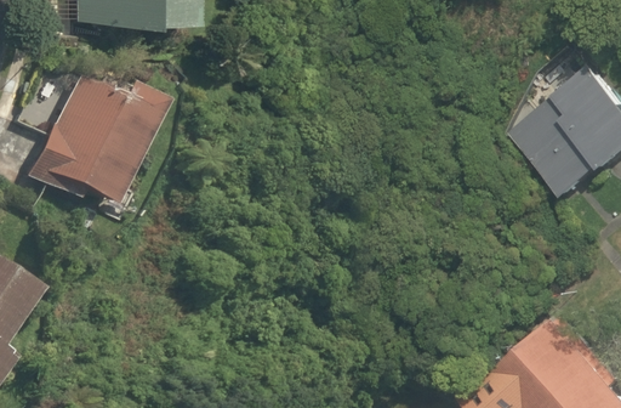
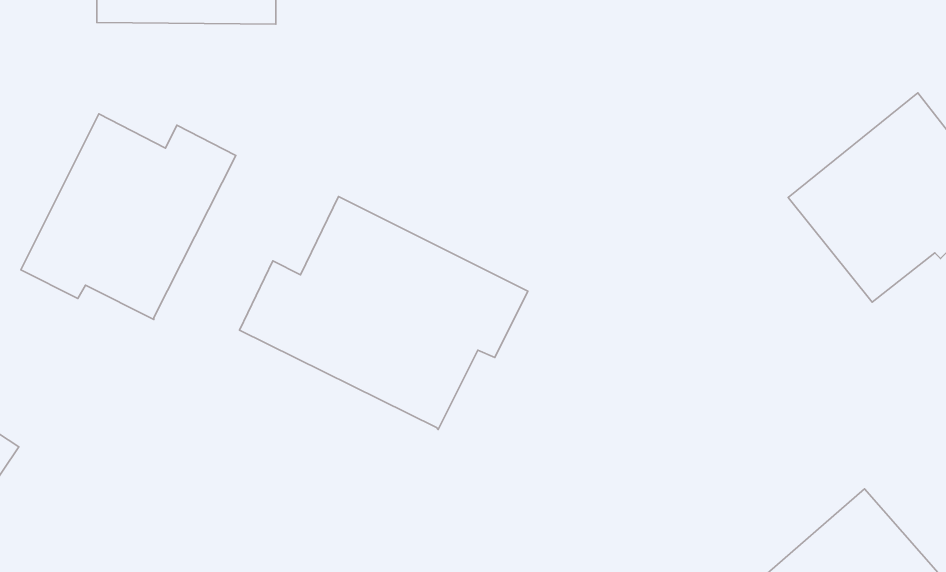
building: none -> [239,197,528,429]

